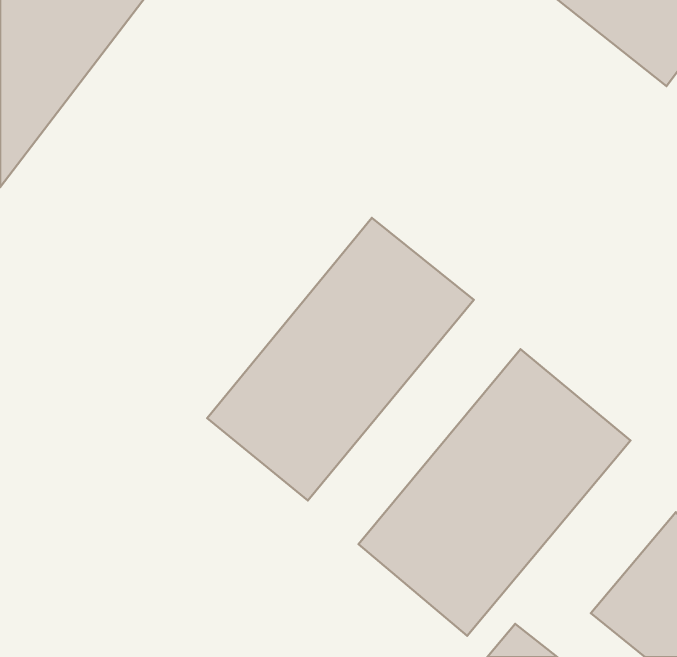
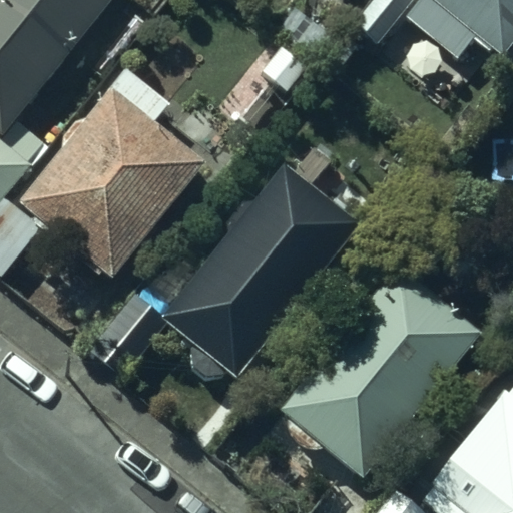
building: none -> [16,96,200,284]

